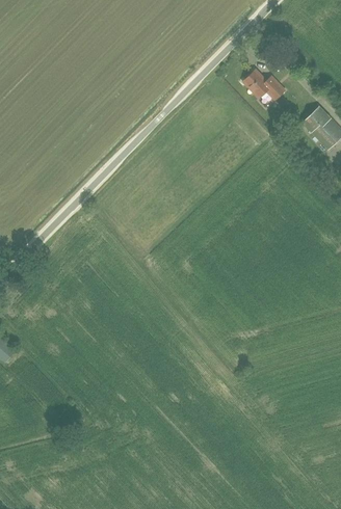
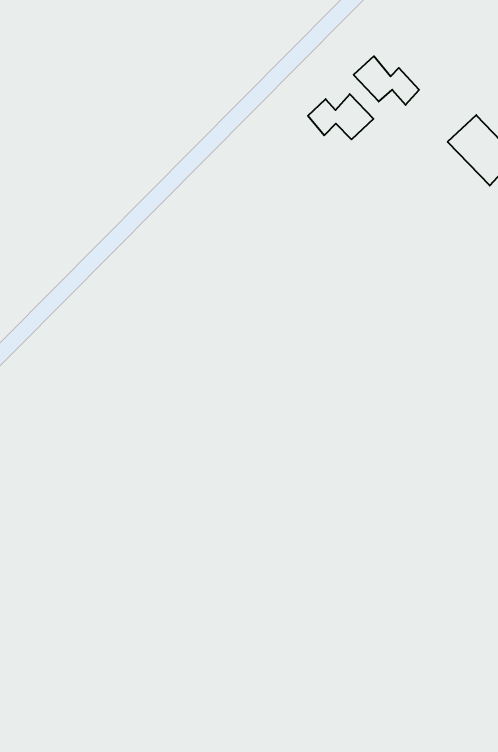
building: none -> [308,94,373,139]

